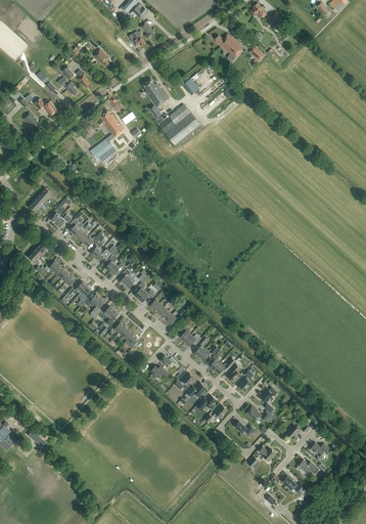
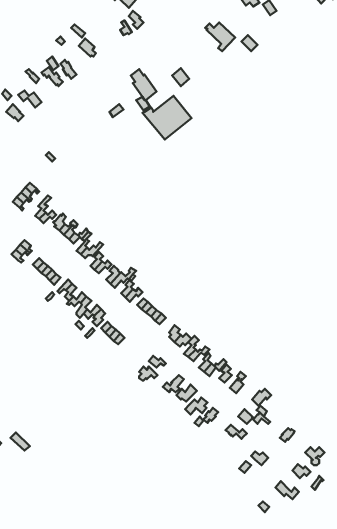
building: [90,111,124,163] -> none

